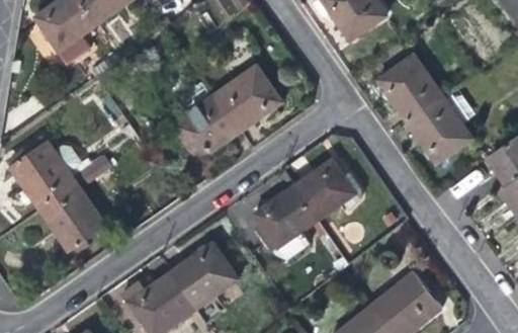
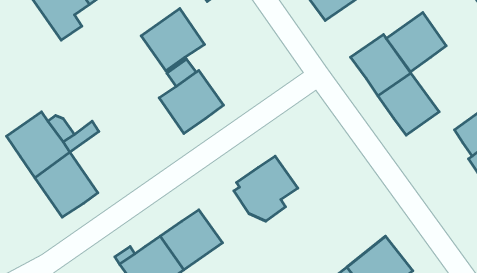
building: none -> [386,13,446,72]
building: [213,64,281,131] -> [141,9,204,71]
building: [295,158,365,220] -> none

